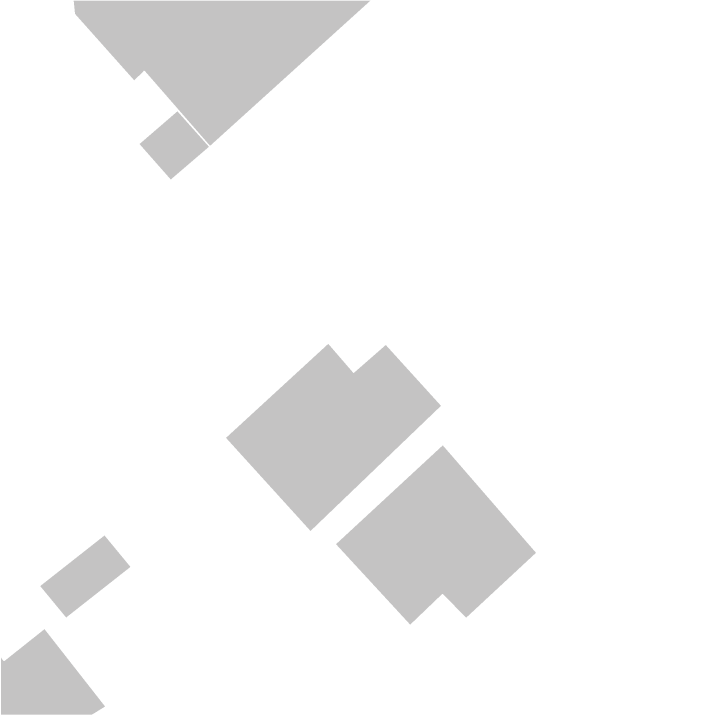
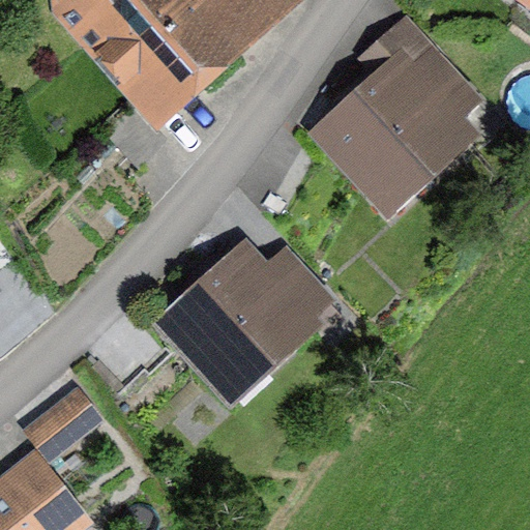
building: none -> [327,55,479,203]
building: [335,444,537,626] -> none

